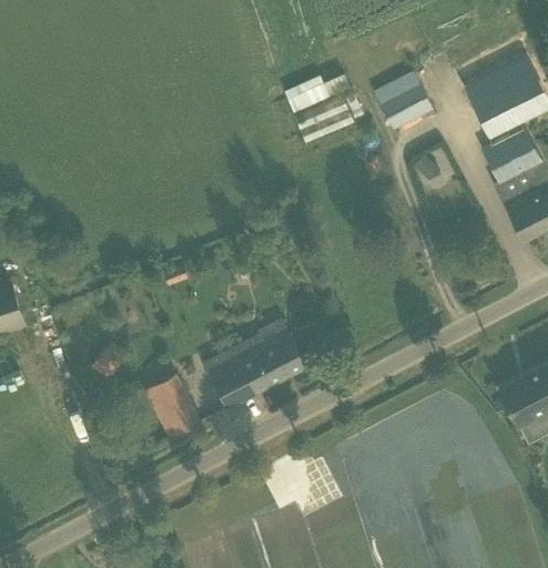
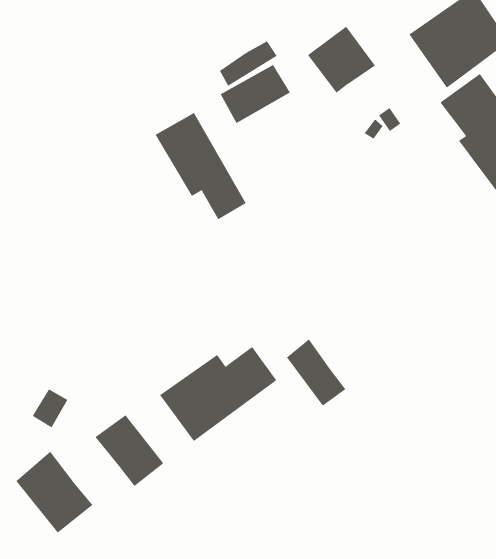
building: none -> [155,112,247,220]
building: none -> [286,338,346,407]
building: none -> [16,451,93,533]

